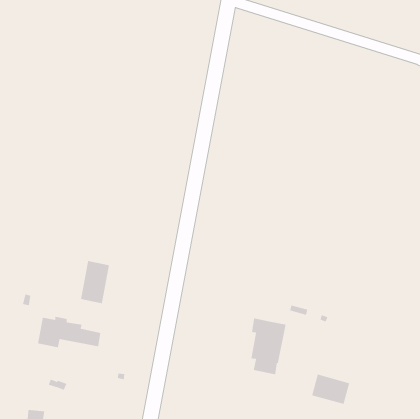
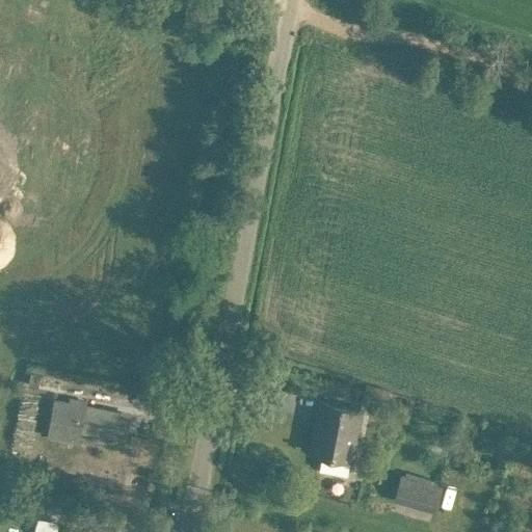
building: [80,260,110,304] -> none

